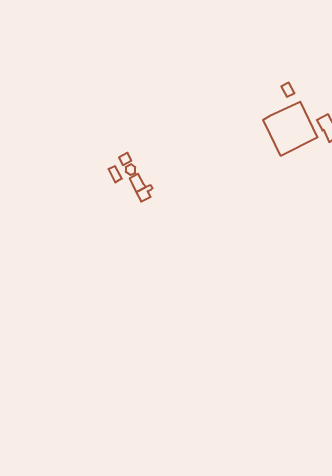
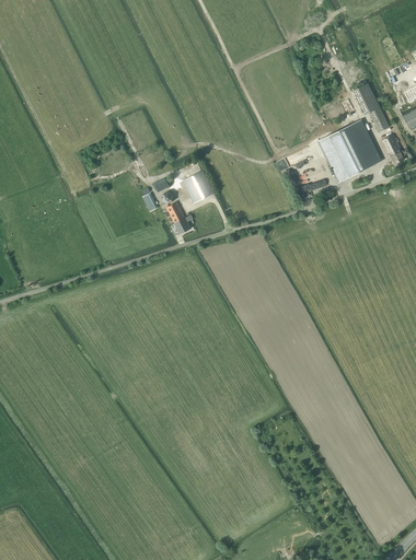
building: none -> [354,82,390,131]
building: none -> [183,170,213,201]

